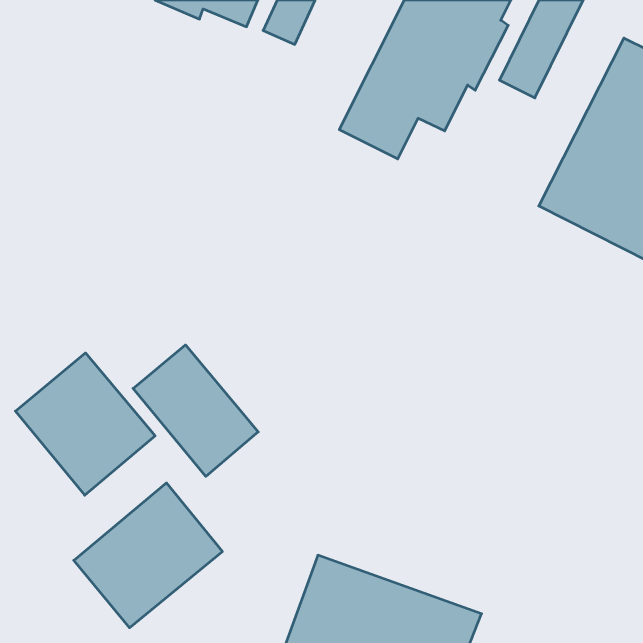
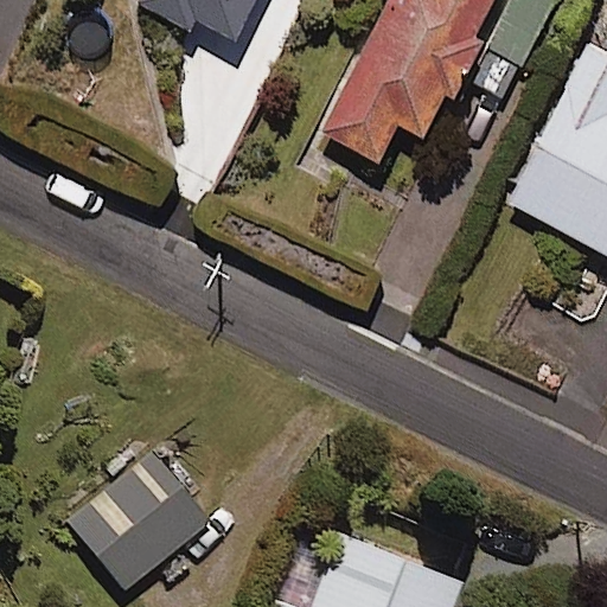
building: [133,345,258,476] -> none
building: [15,353,155,495] -> none

